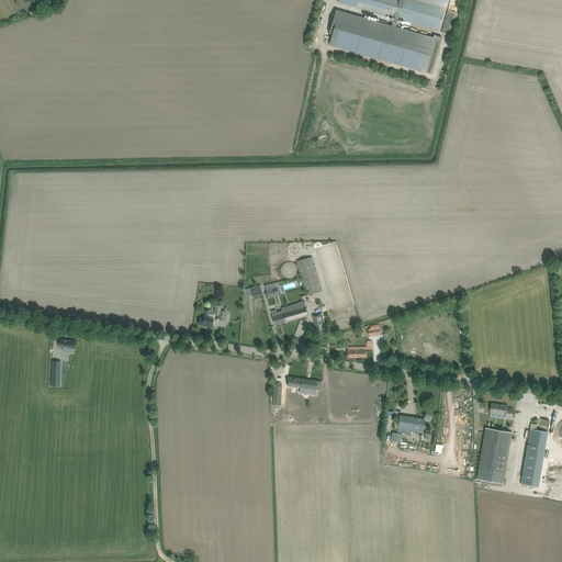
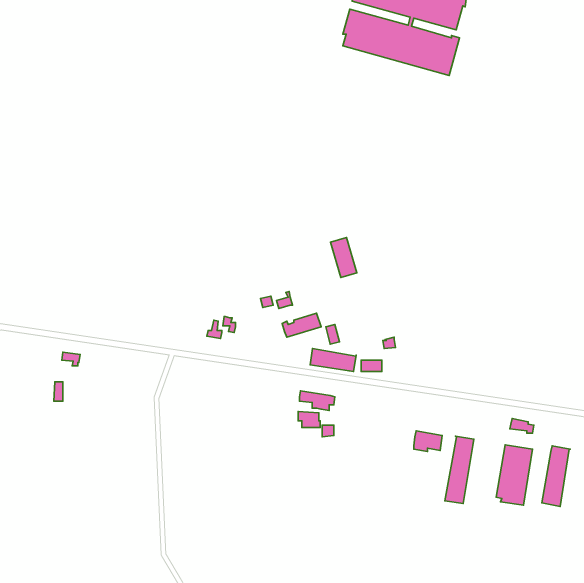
building: [296,256,322,294] -> [331,237,357,277]
building: none -> [310,348,356,372]
building: none -> [445,436,474,504]

